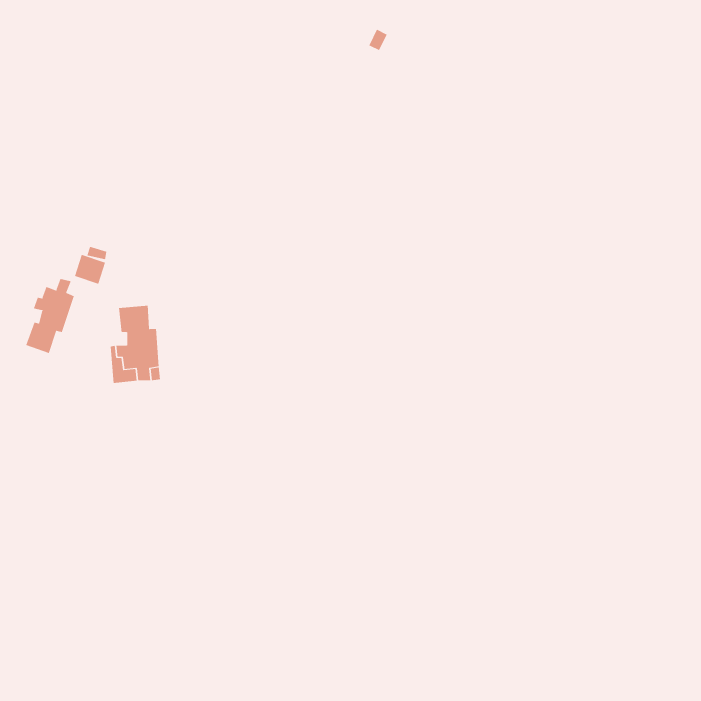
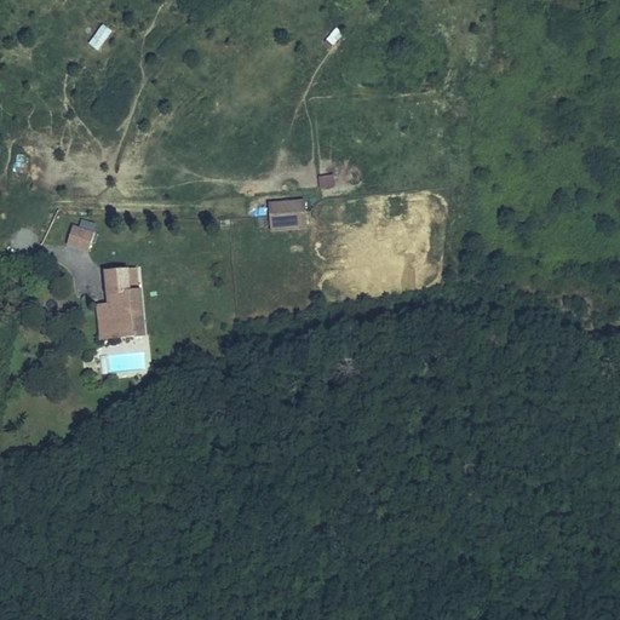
building: none -> [269,201,304,225]
building: [26,278,74,354] -> none

